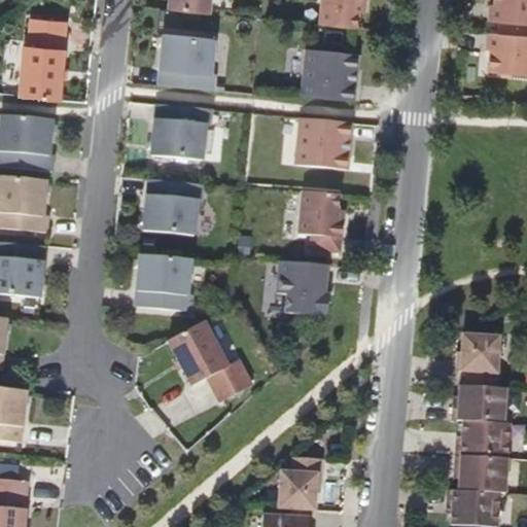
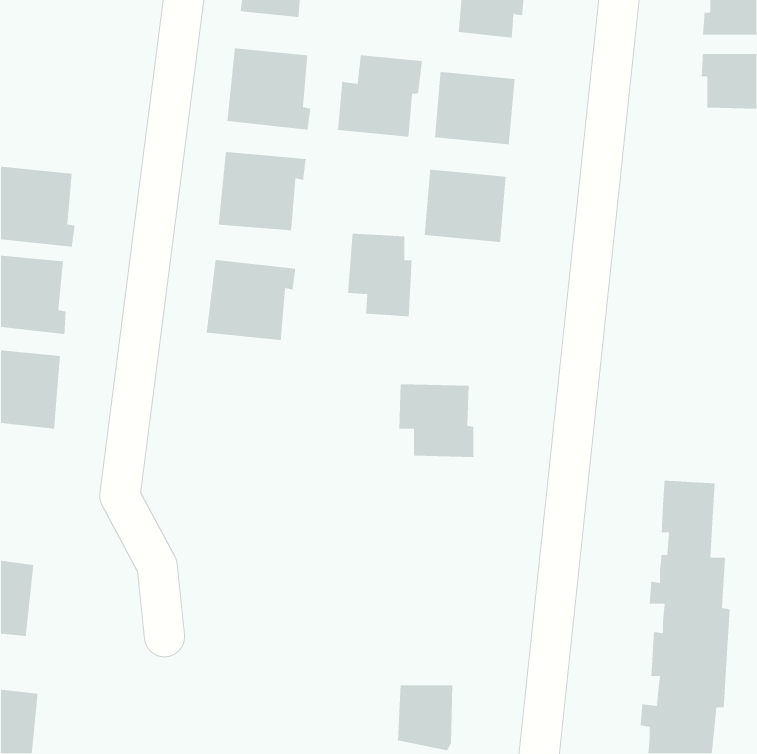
building: [19,19,65,100] -> none
building: none -> [337,55,423,138]
building: [298,194,344,252] -> [347,233,412,317]
building: [135,255,194,313] -> none
building: [168,321,251,402] -> none

